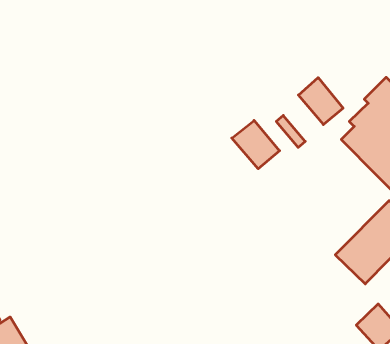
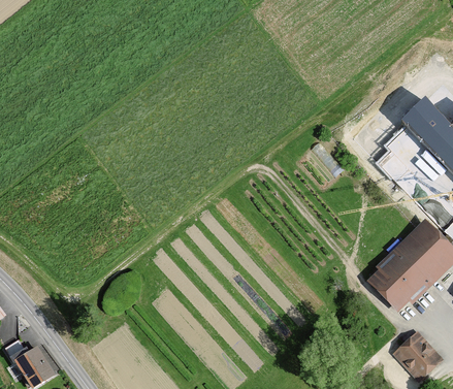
building: [298,78,343,125] -> none
building: [232,120,280,169] -> none

